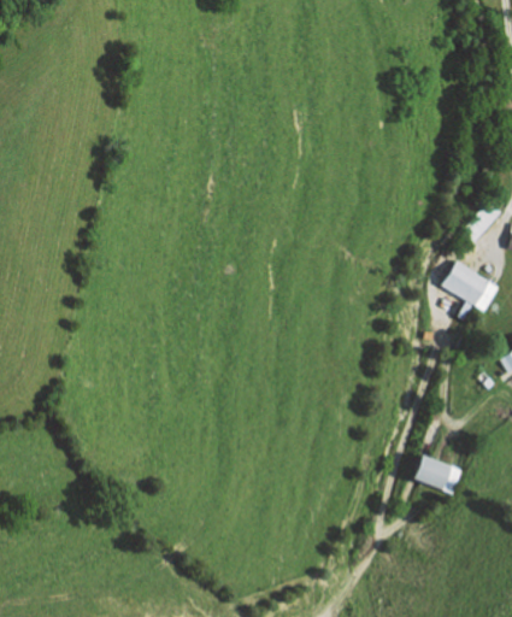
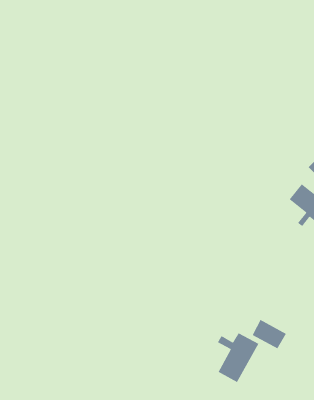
building: none -> [217,332,259,383]

